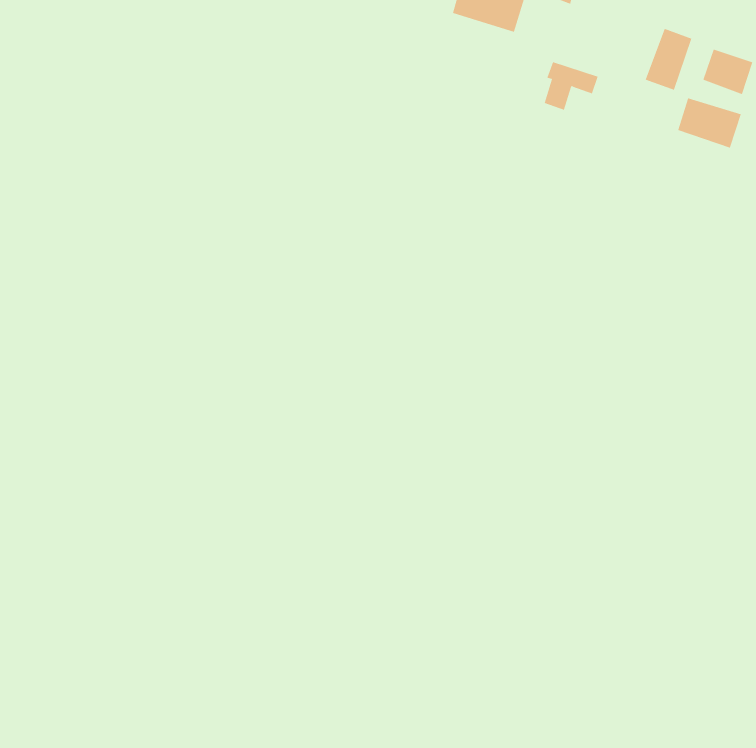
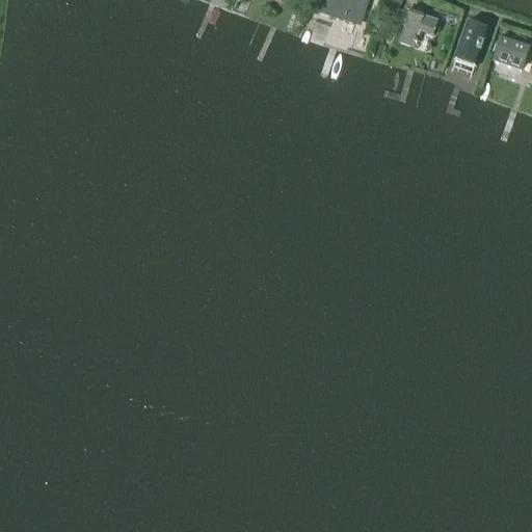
building: [544,62,599,110] -> [400,8,438,43]
building: [677,97,742,149] -> none

